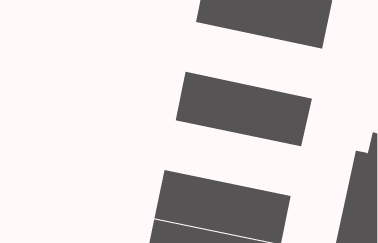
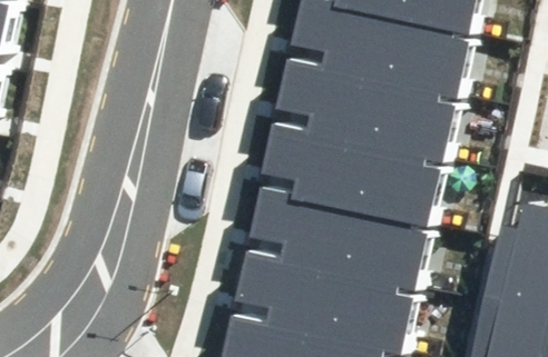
building: none -> [276,58,458,158]
building: none -> [248,187,430,286]

